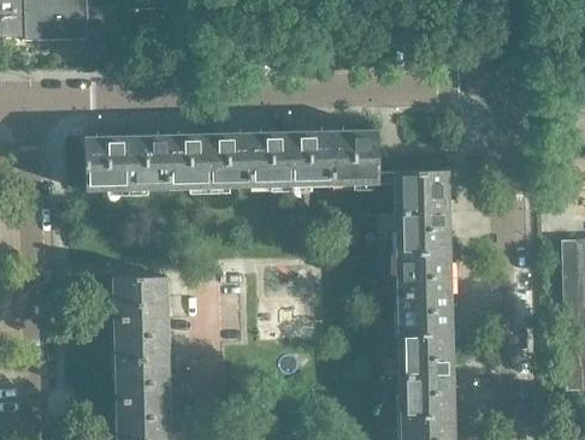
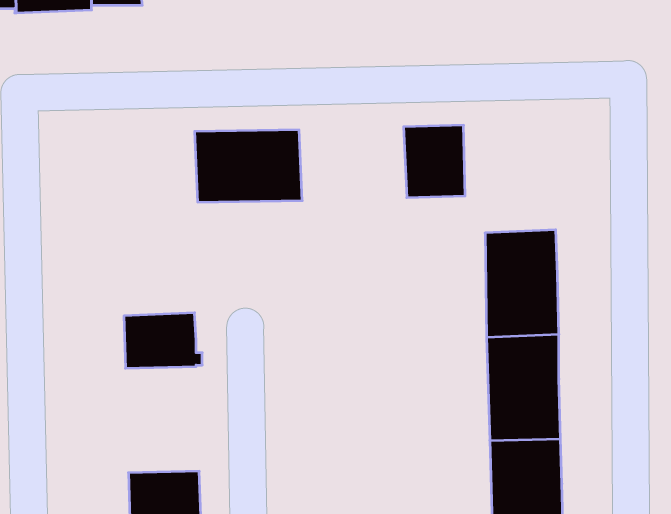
building: [248,130,332,188] -> none
building: [83,133,169,191] -> none
building: [392,170,454,213] -> none
building: [112,317,170,400] -> none

